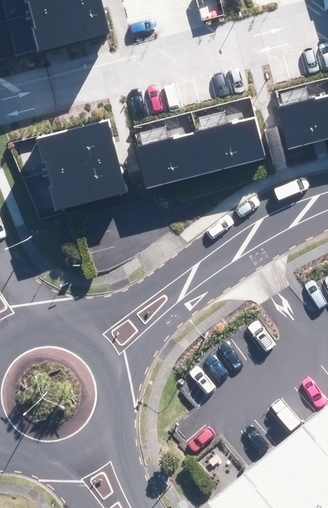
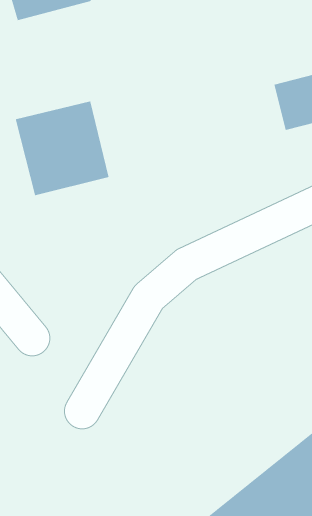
building: [136,115,266,184] -> none

